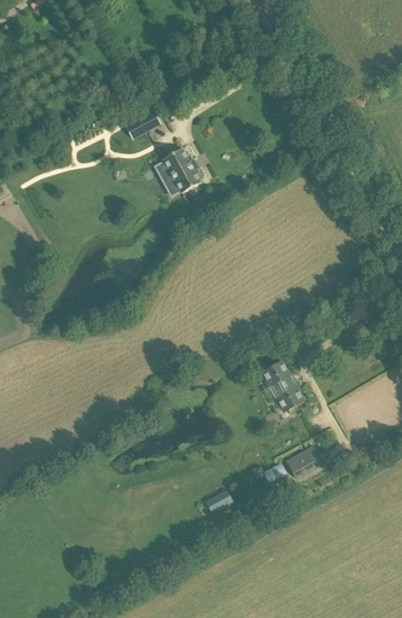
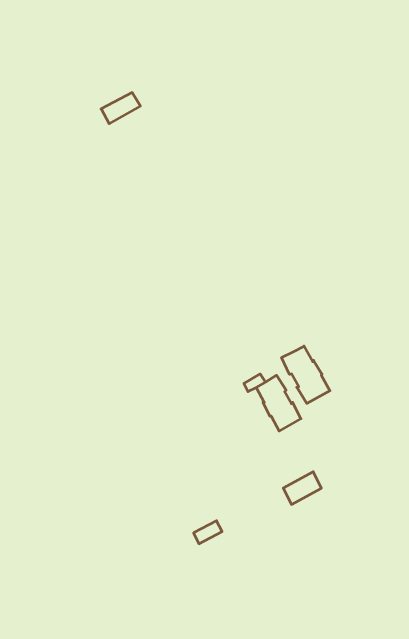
building: [162,147,199,192] -> none
building: none -> [282,346,330,403]

